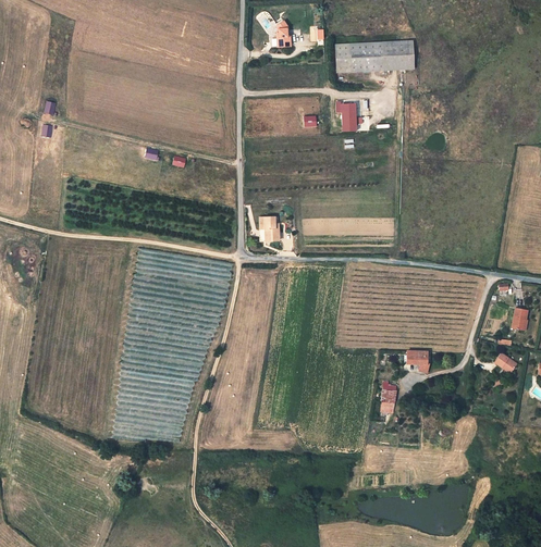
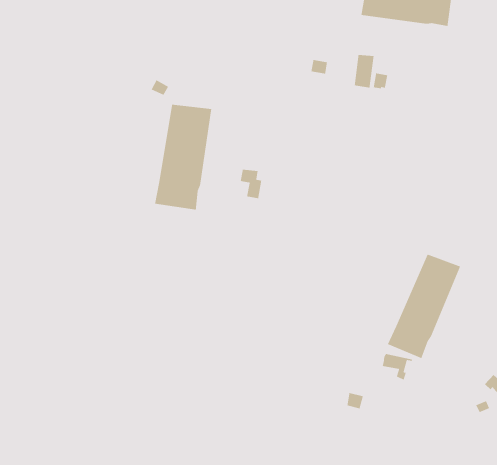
building: none -> [154,104,212,211]
building: none -> [387,254,461,359]

